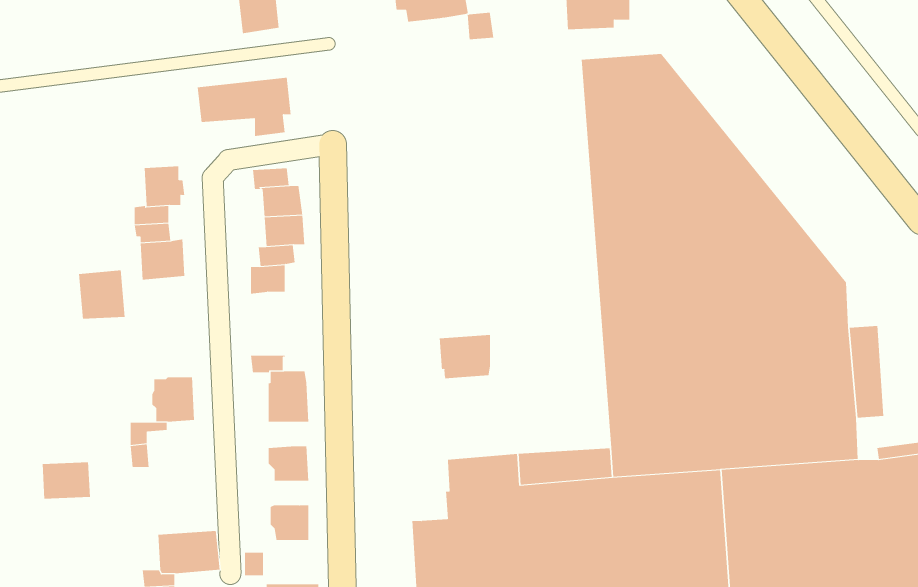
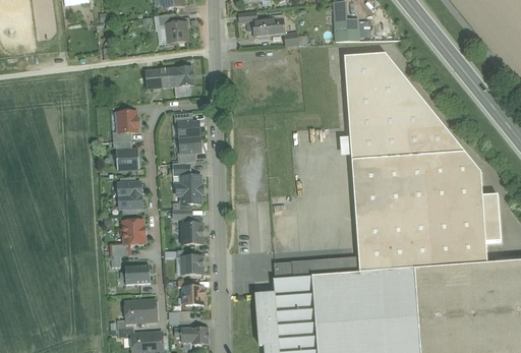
building: [78,270,126,319] -> [118,183,142,209]
building: none -> [178,177,202,203]
building: [439,334,491,379] -> none
building: [42,462,91,499] -> [125,266,151,285]

